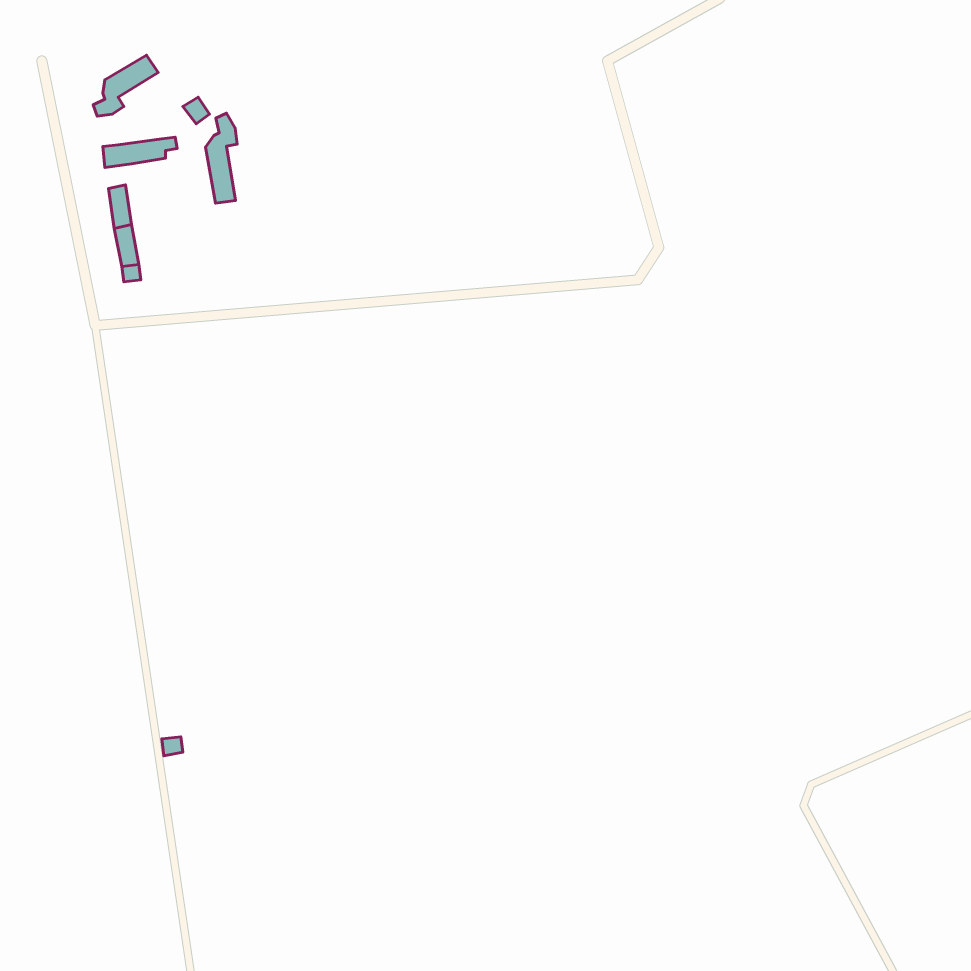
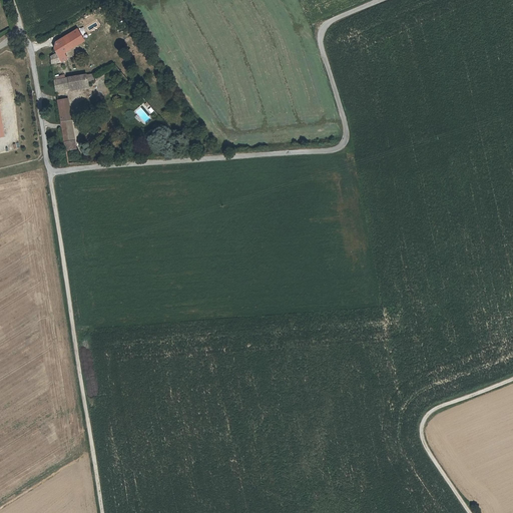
building: [206,113,237,203] -> none

